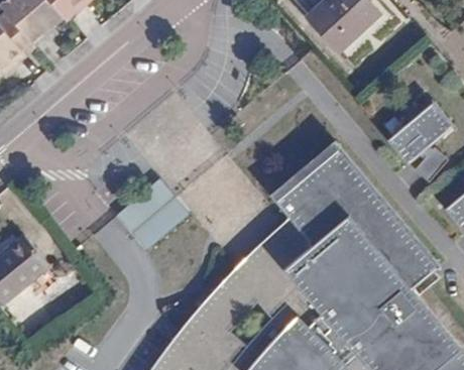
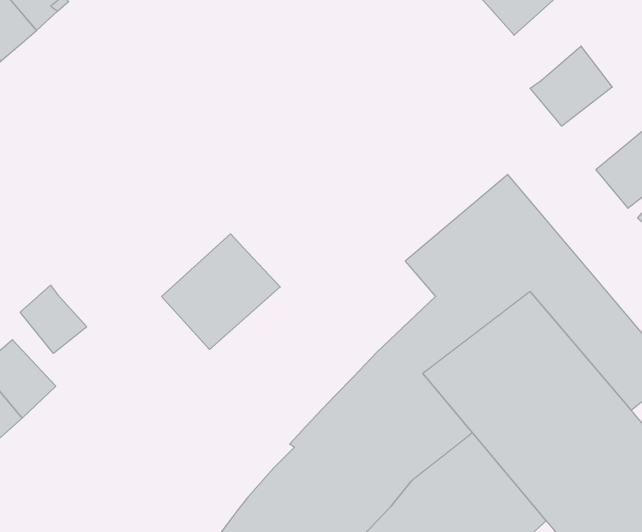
building: none -> [530,46,612,126]
building: none -> [20,285,87,353]

